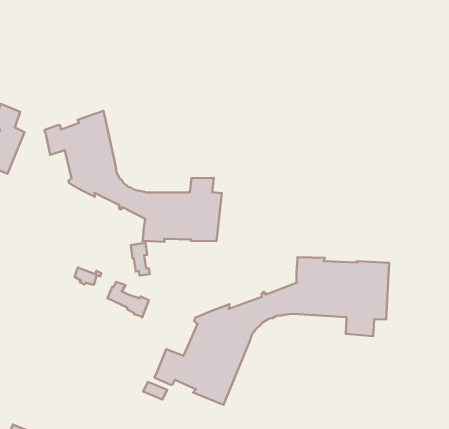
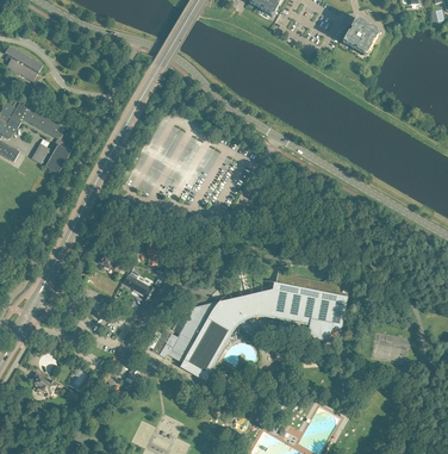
building: [45,111,222,242] -> none

